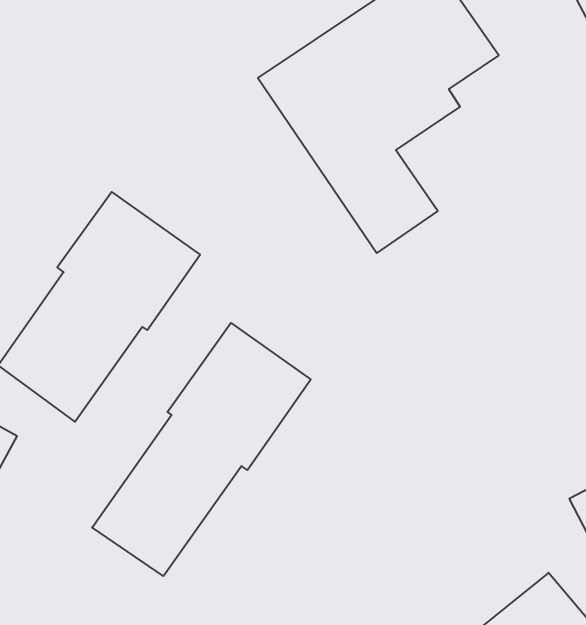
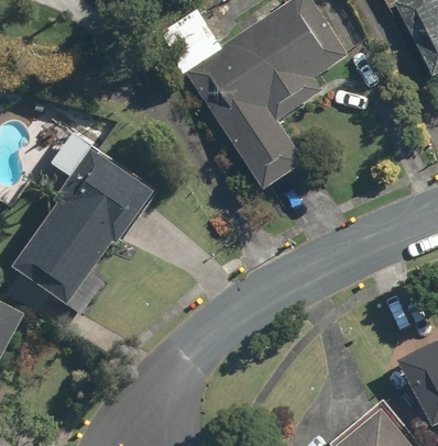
building: [92,323,311,576] -> none

